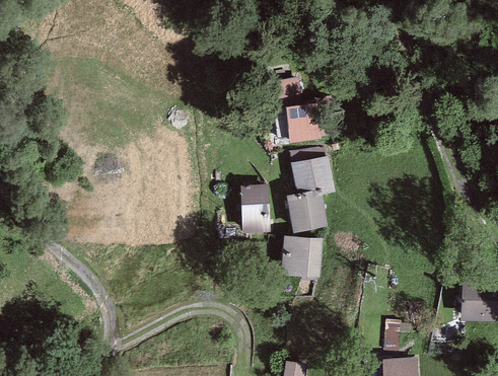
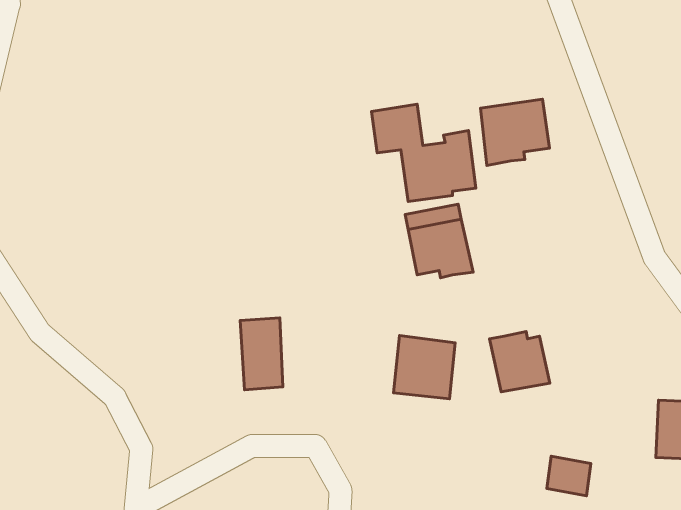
building: none -> [480,99,550,165]
building: [239,183,269,233] -> [240,318,283,390]
building: [286,191,328,232] -> [489,332,550,392]

